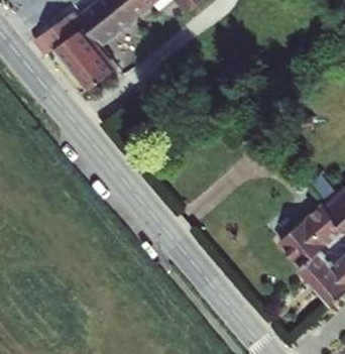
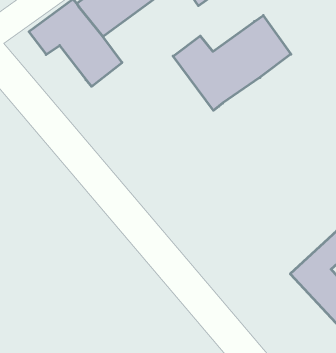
building: none -> [173,15,291,110]

